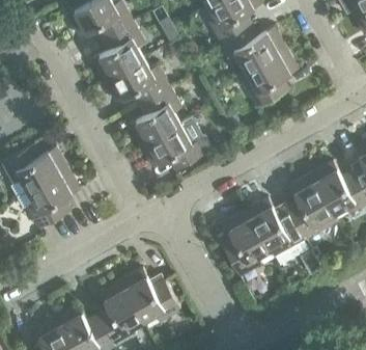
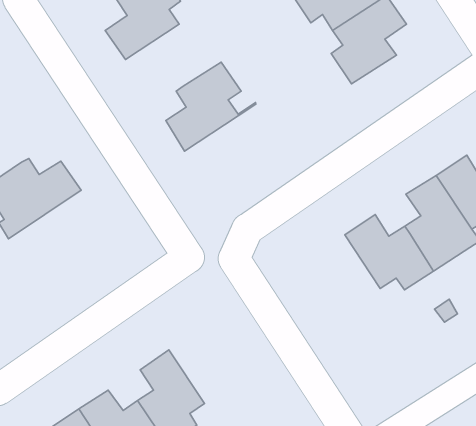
building: [105,59,170,105] -> none
building: [141,117,213,168] -> none
building: [17,168,80,230] -> none
building: [225,211,269,277] -> none
building: [121,269,181,322] -> none

